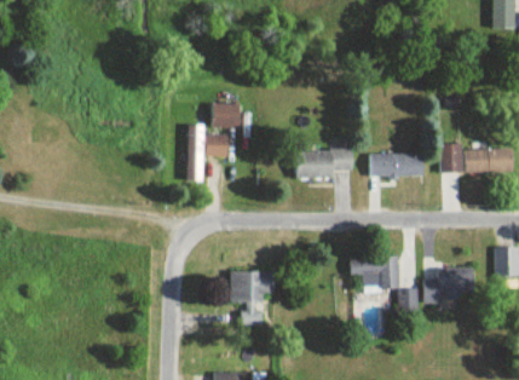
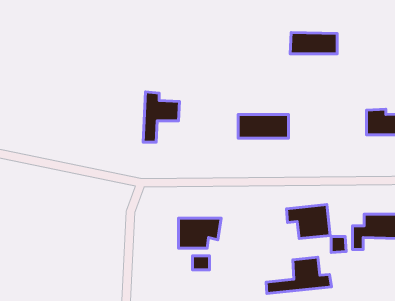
building: [214,104,241,128] -> none
building: [370,155,423,179] -> [290,33,337,54]
building: none -> [266,257,331,294]

